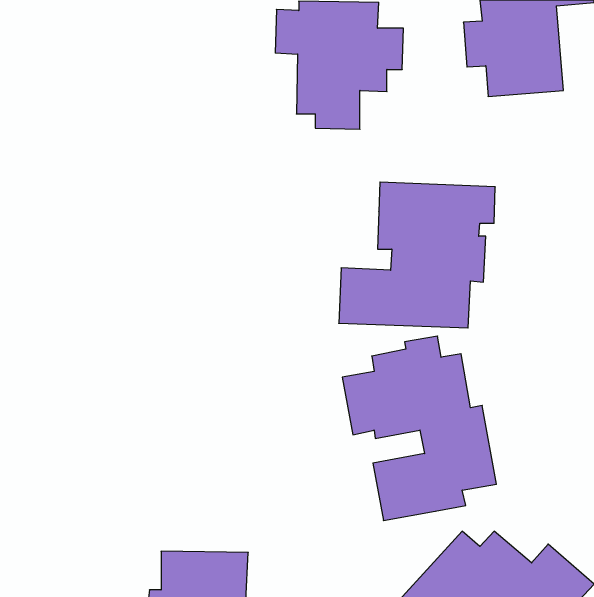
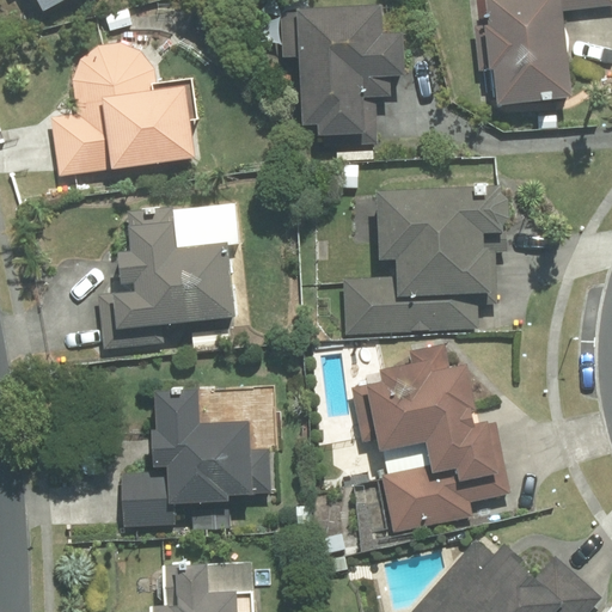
building: none -> [43,44,197,178]
building: none -> [96,203,239,351]
building: none -> [120,386,252,526]

